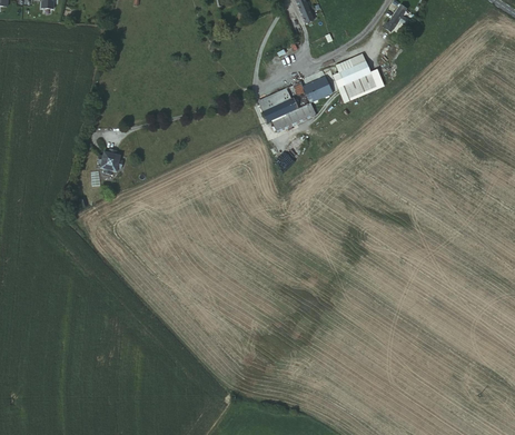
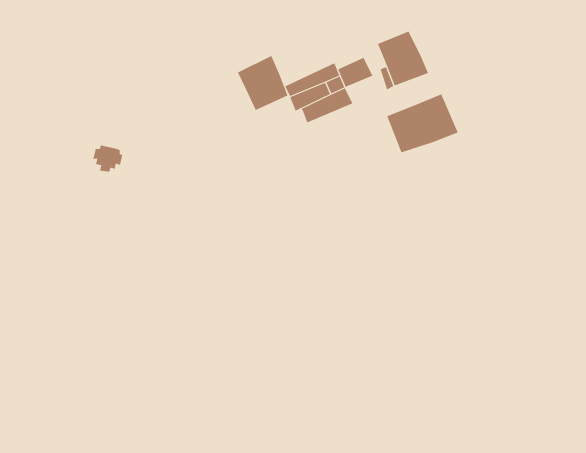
building: none -> [237,55,288,111]
building: none -> [386,94,458,153]

